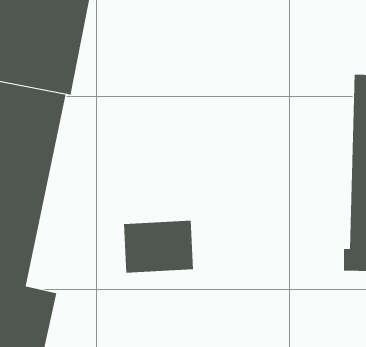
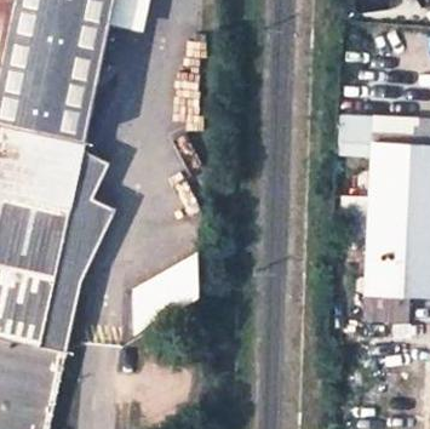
building: none -> [36,138,110,343]

